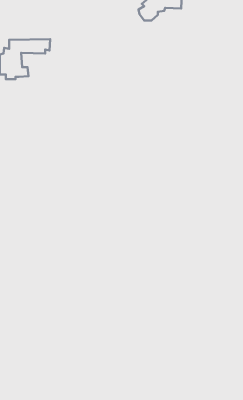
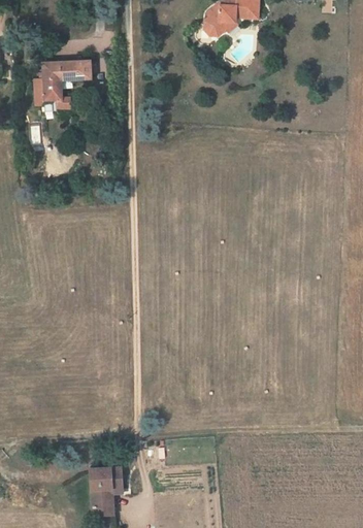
building: none -> [88,462,120,509]

